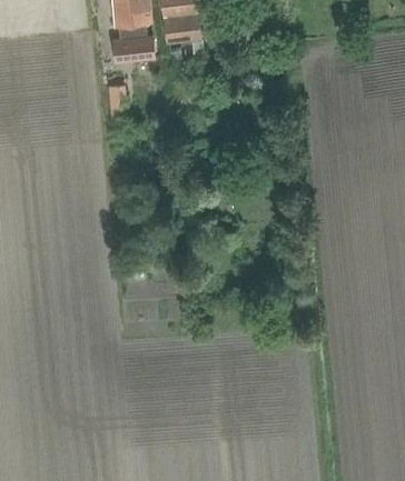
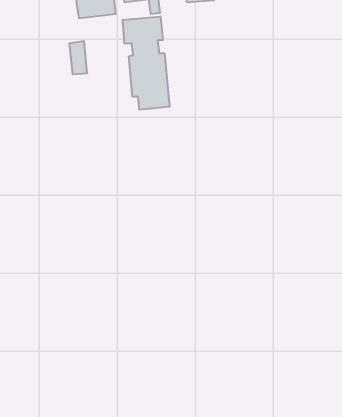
building: none -> [123,16,170,110]

